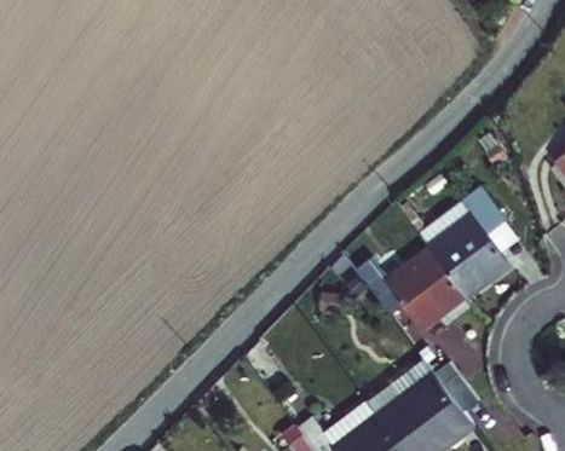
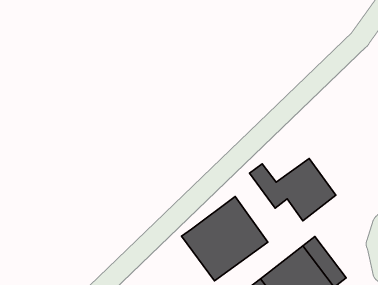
building: [408,190,513,293] -> none
building: none -> [181,197,268,281]

